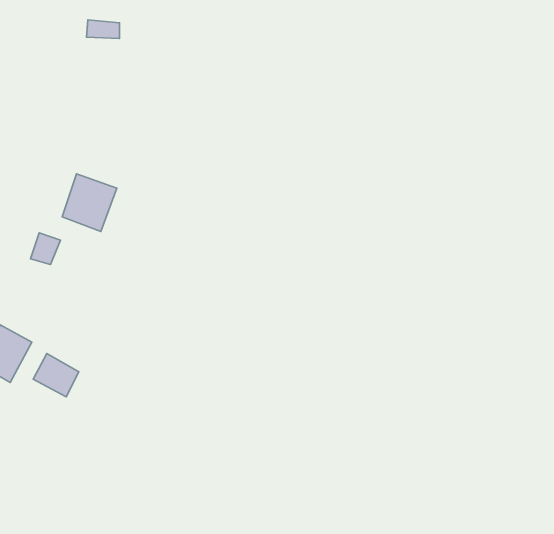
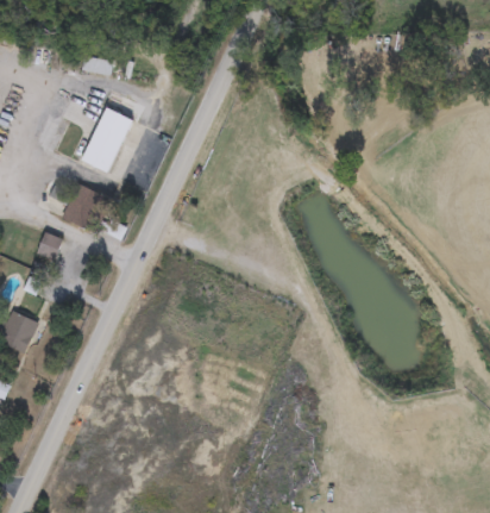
building: none -> [82,107,132,173]
building: [33,353,79,397] -> none

